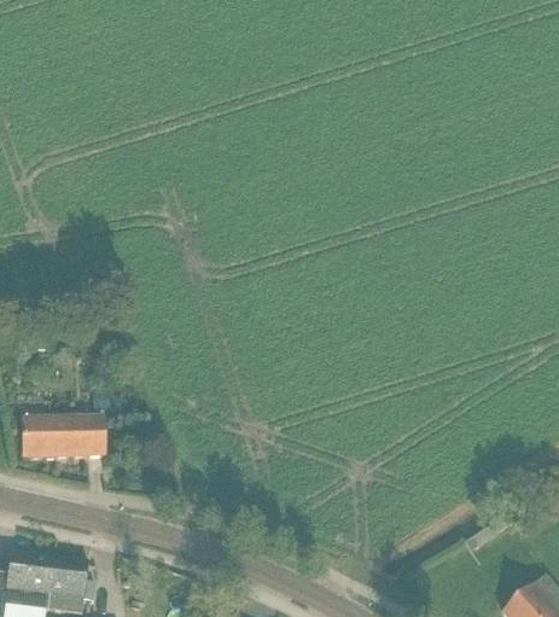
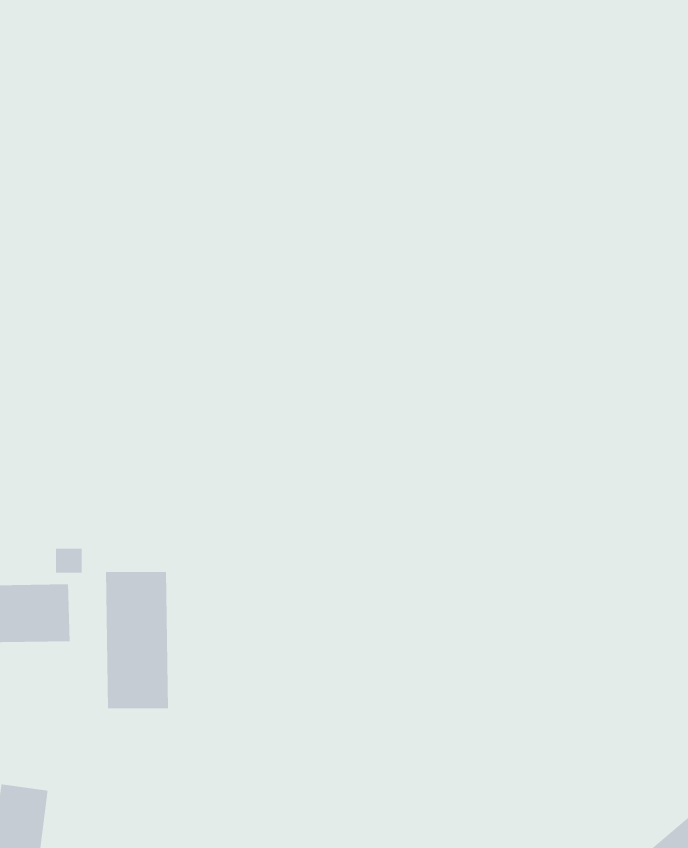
building: none -> [105,571,169,709]

